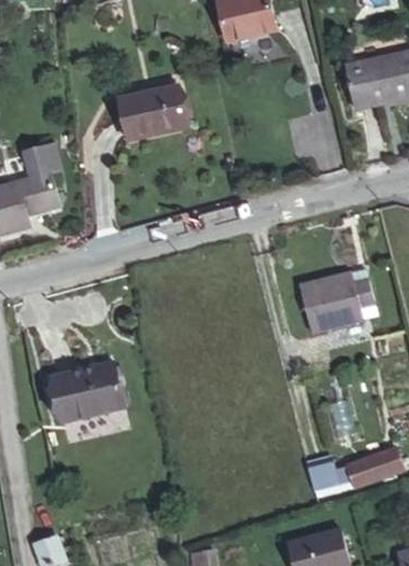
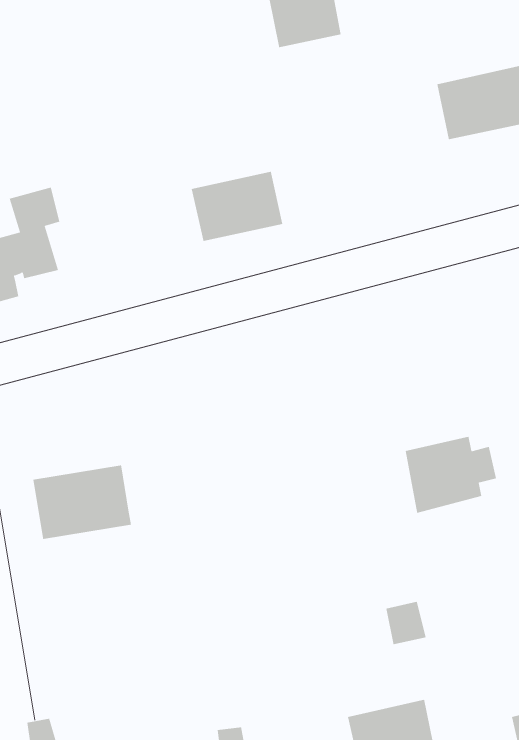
building: [118,86,188,139] -> [191,171,283,242]
building: [295,282,365,340] -> [405,436,497,514]
building: [344,453,402,494] -> none

